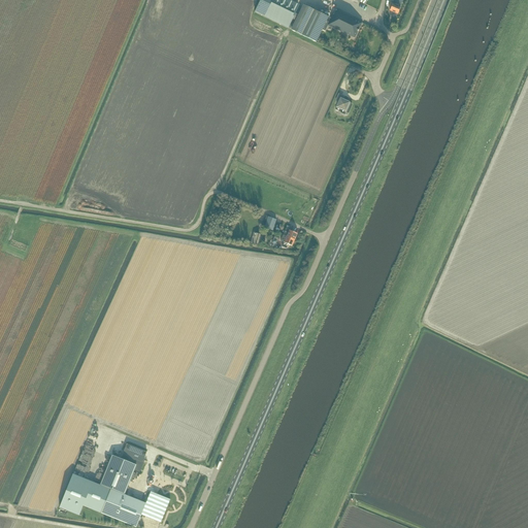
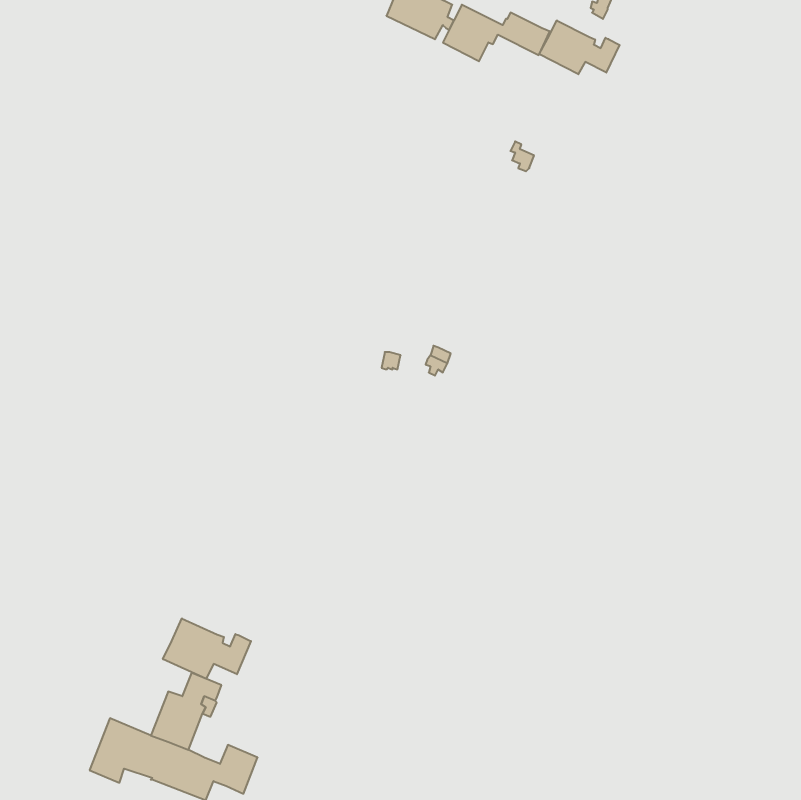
building: none -> [539,20,620,74]
building: none -> [163,618,251,679]

